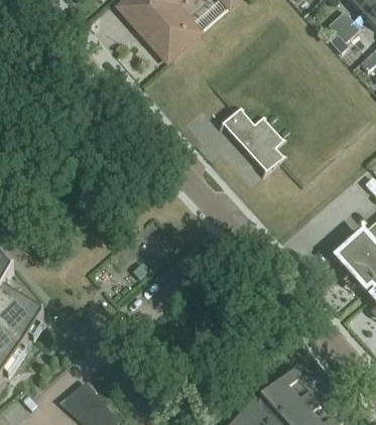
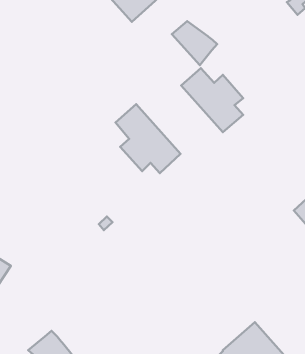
building: none -> [172,21,217,65]
building: none -> [115,104,180,173]

